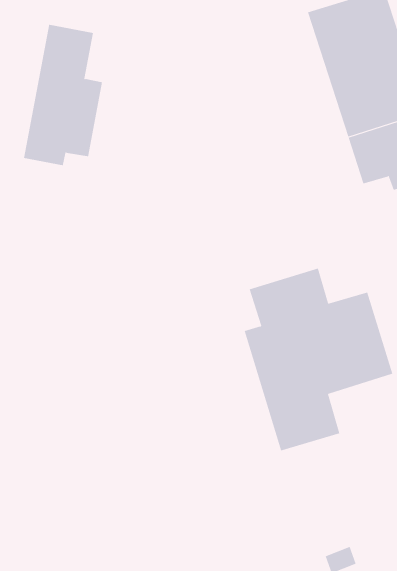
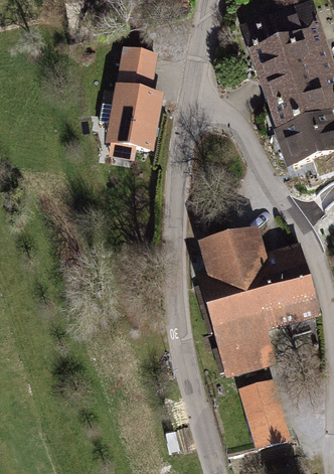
building: [23,24,103,166] -> [101,44,164,157]
building: none -> [237,376,289,448]

